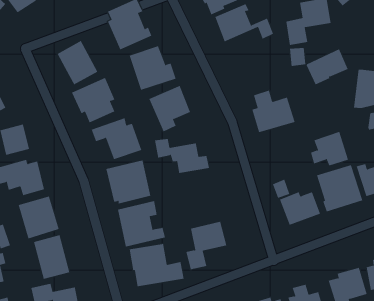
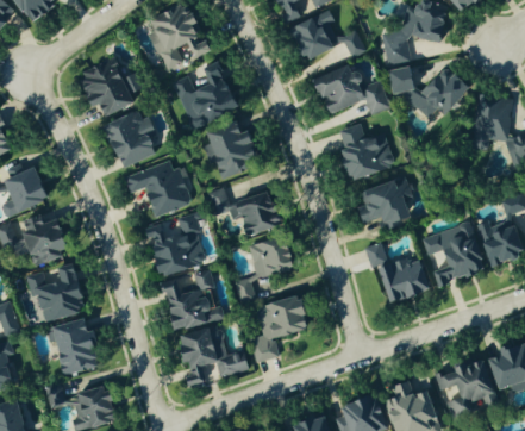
building: none -> [313,65,389,114]
building: [310,131,349,166] -> [356,180,407,226]
building: none -> [237,241,289,301]

